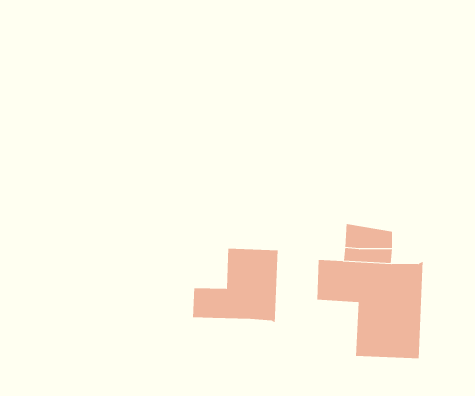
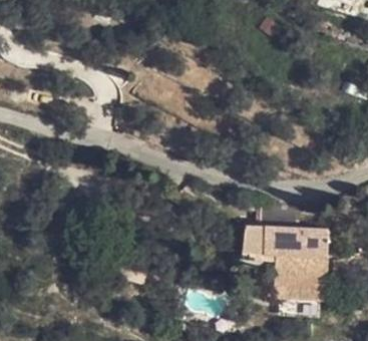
building: [192,248,278,324] -> none

